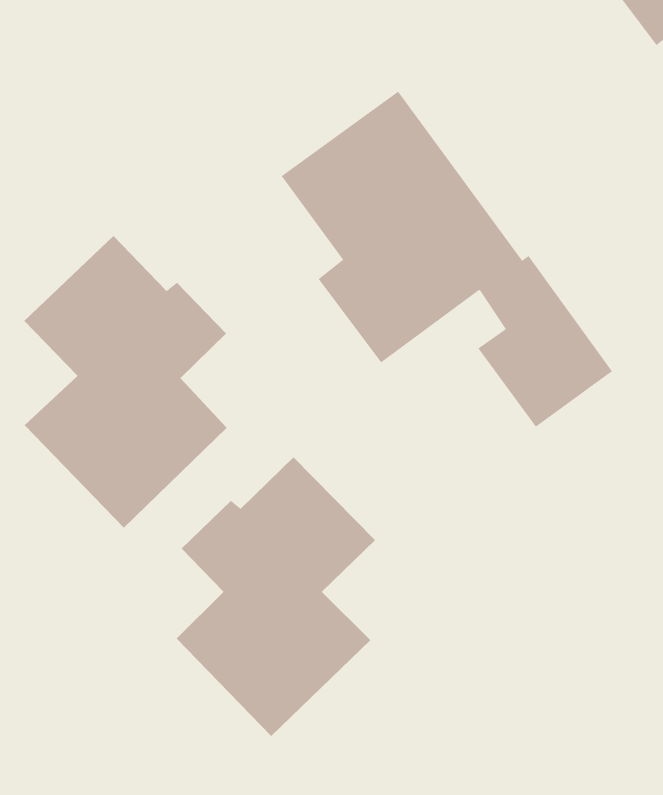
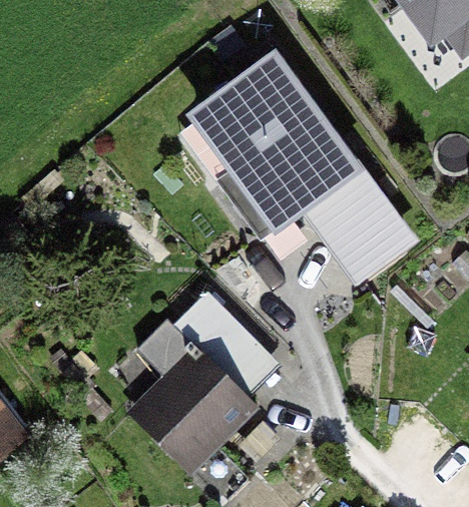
building: [24,235,228,528] -> none

